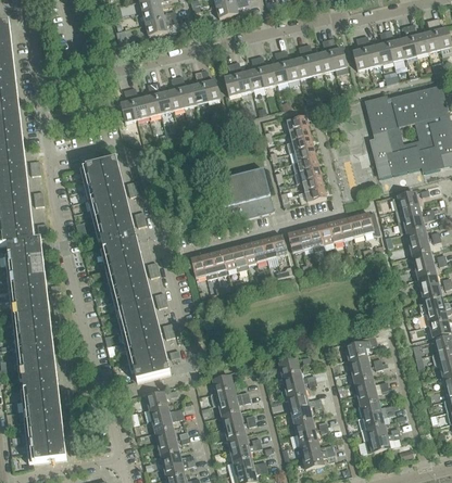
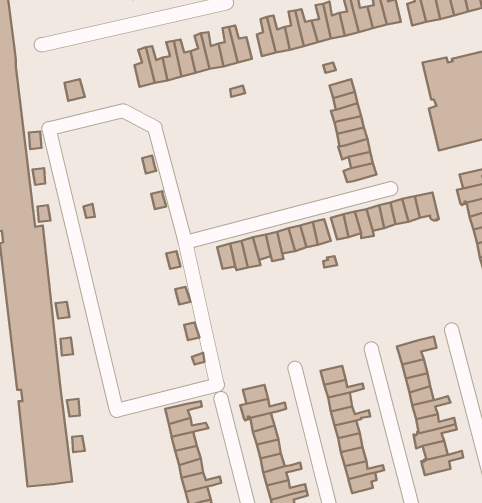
building: [79,160,170,382] -> none
building: [216,168,274,224] -> none

